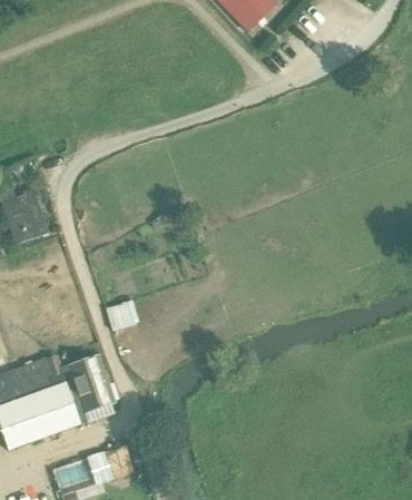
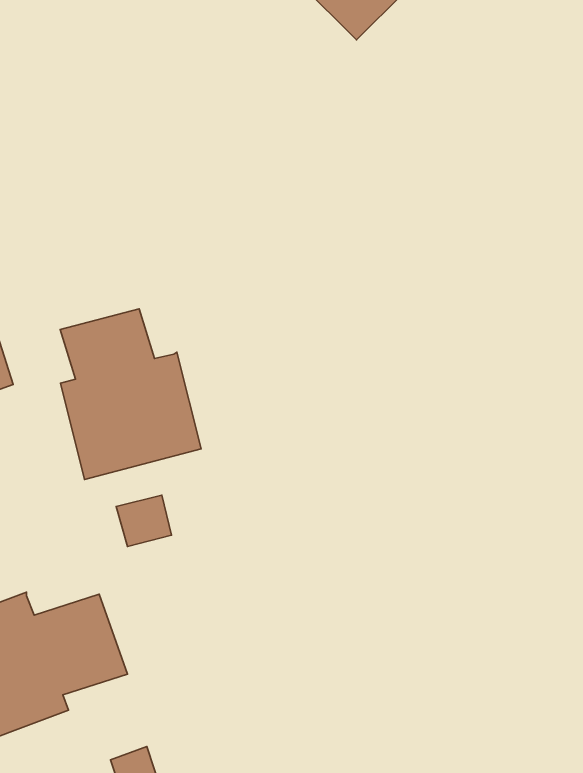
building: none -> [60,309,201,480]

